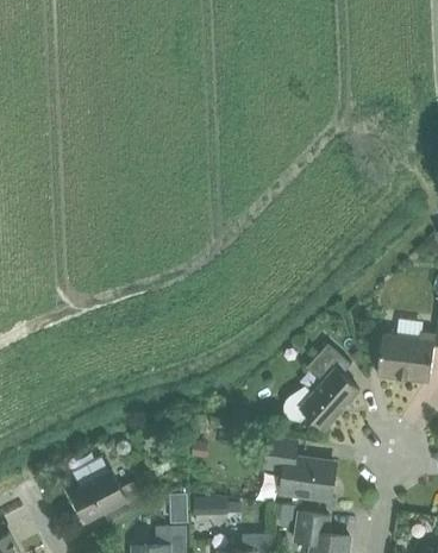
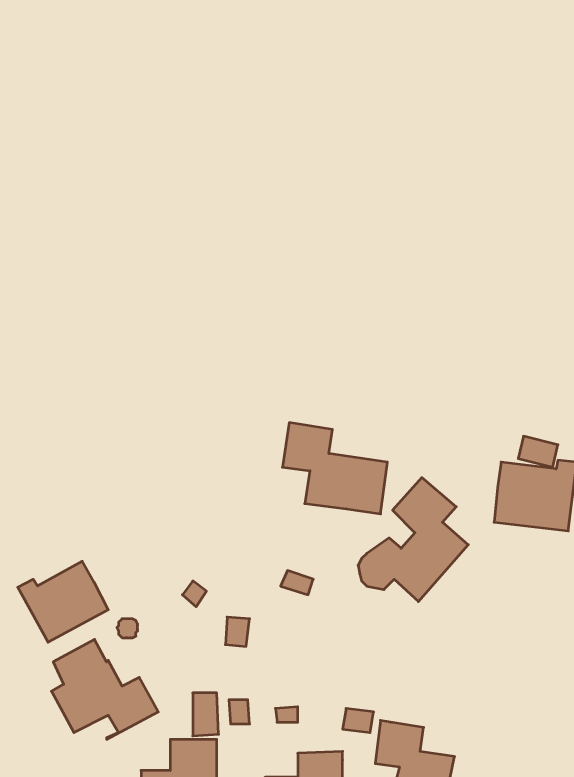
building: none -> [18,561,108,642]
building: [263,438,336,501] -> [282,423,387,514]

